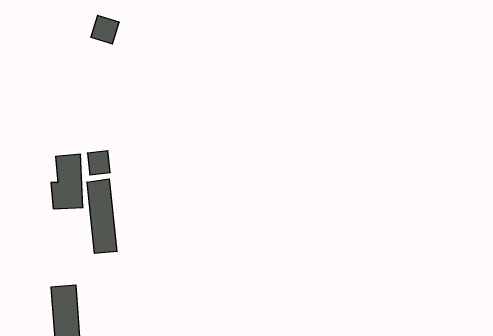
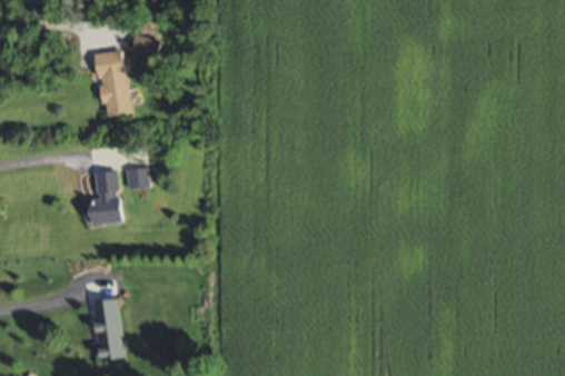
building: none -> [96,50,130,117]
building: [87,179,117,253] -> none

